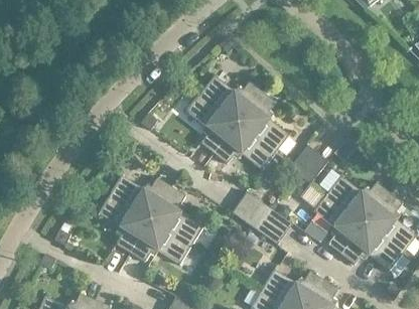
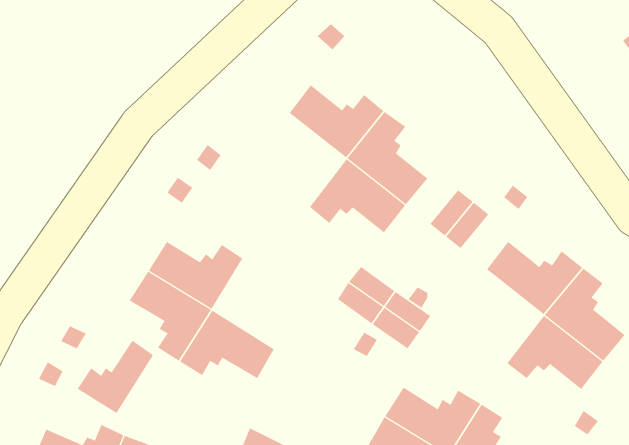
building: [185,94,237,154] -> none
building: [150,187,202,246] -> none
building: [312,194,364,255] -> none
building: none -> [77,340,154,414]

